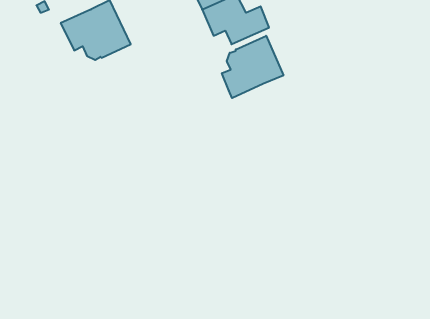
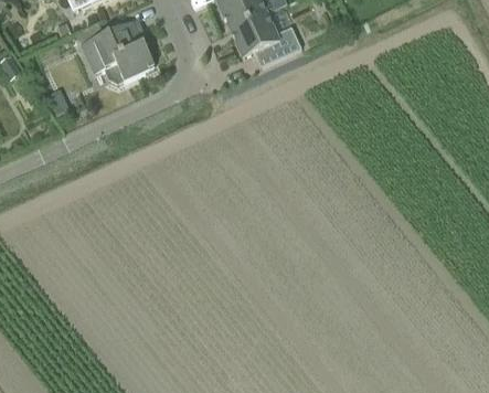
building: [222,36,283,98] -> none

